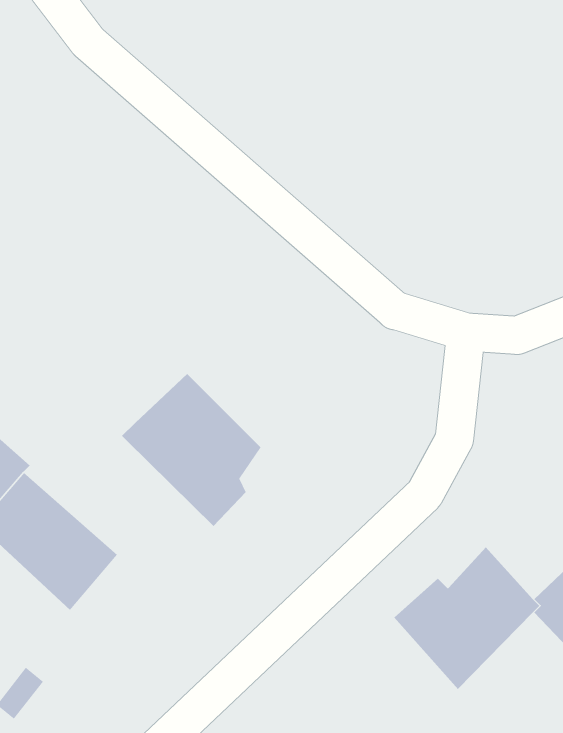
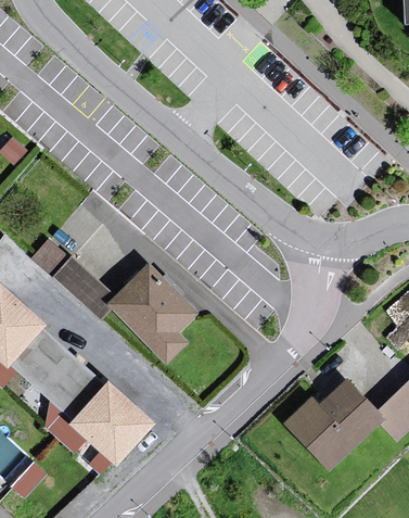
building: none -> [31,239,110,316]
building: none -> [64,378,150,467]

